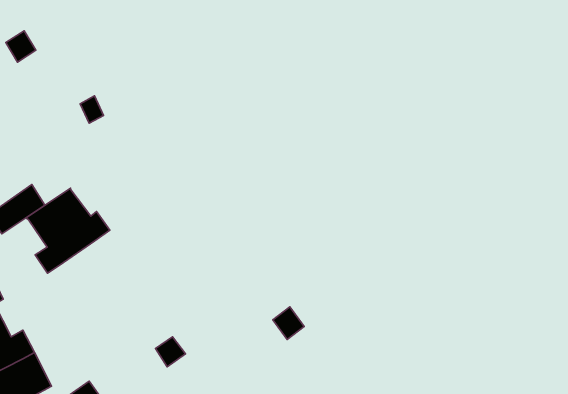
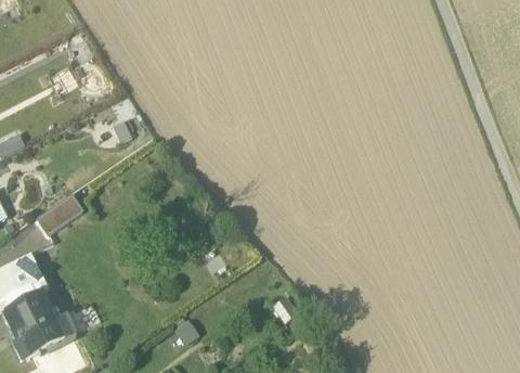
building: [26,188,110,273] -> none

